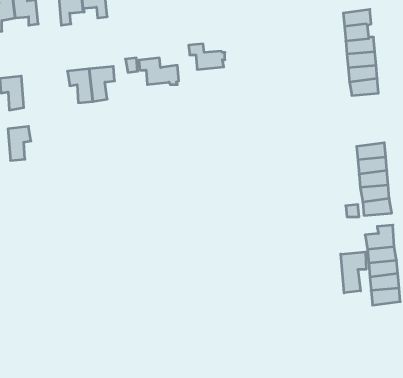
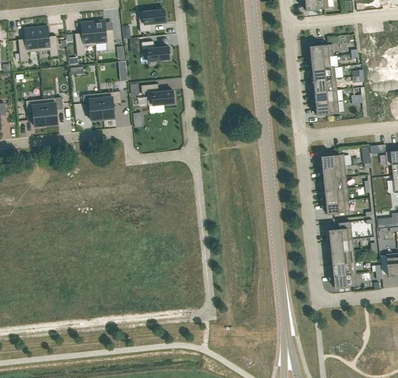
building: [189,44,225,69] -> [141,40,171,61]
building: [8,126,31,160] -> [44,96,63,124]
building: [341,252,366,293] -> none

